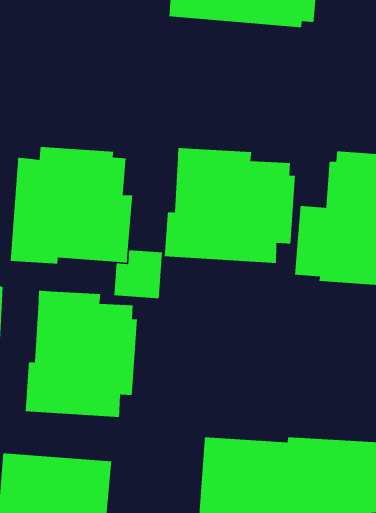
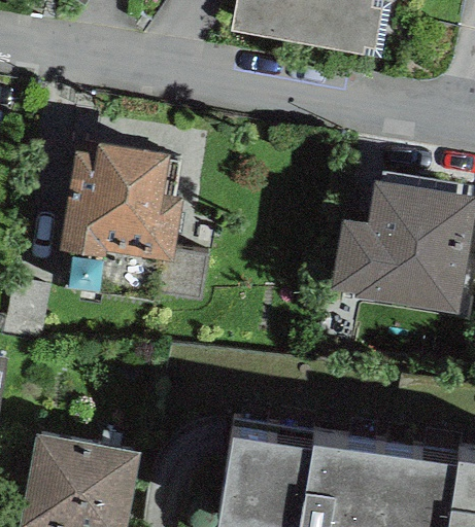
building: [164,147,296,264] -> none
building: [25,290,138,418] -> none

